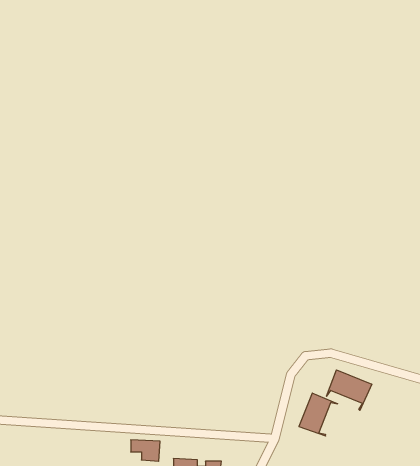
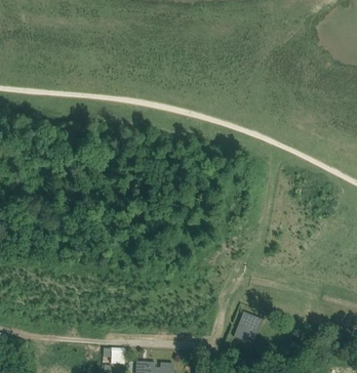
building: [327,370,372,410] -> none

